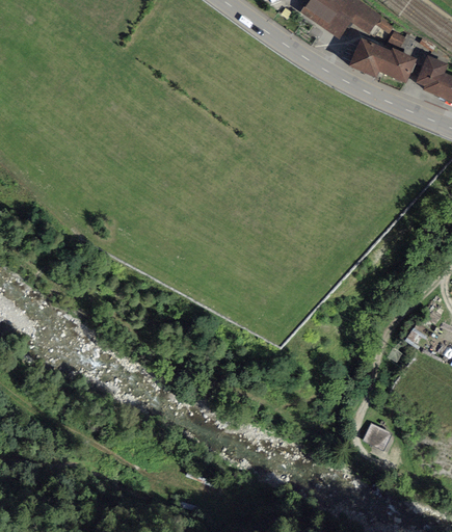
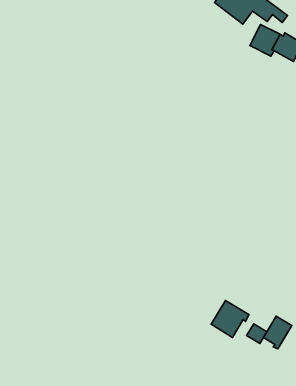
building: none -> [211,300,249,337]
building: none -> [263,316,292,349]

